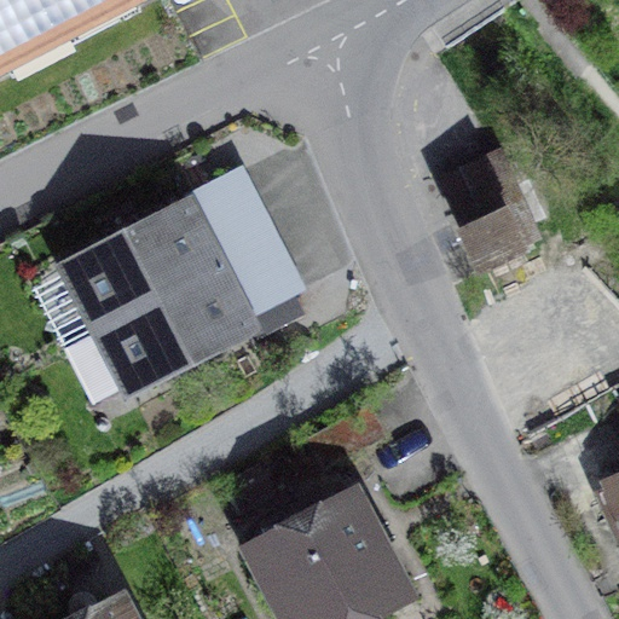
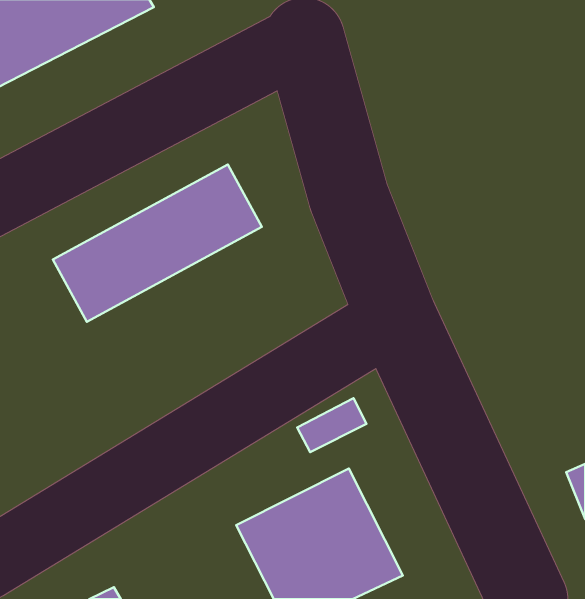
building: [438,151,542,267] -> none
building: [89,233,296,399] -> none

